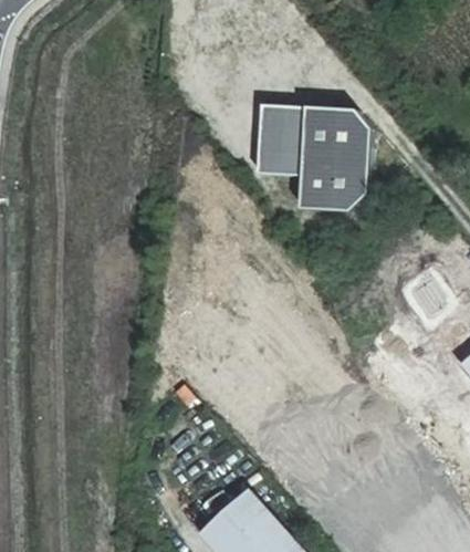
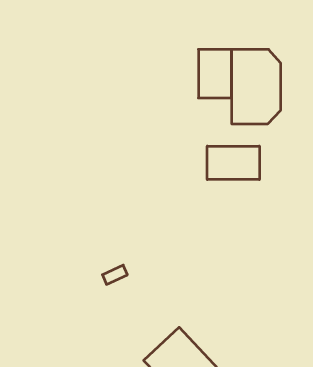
building: none -> [207,146,259,180]

